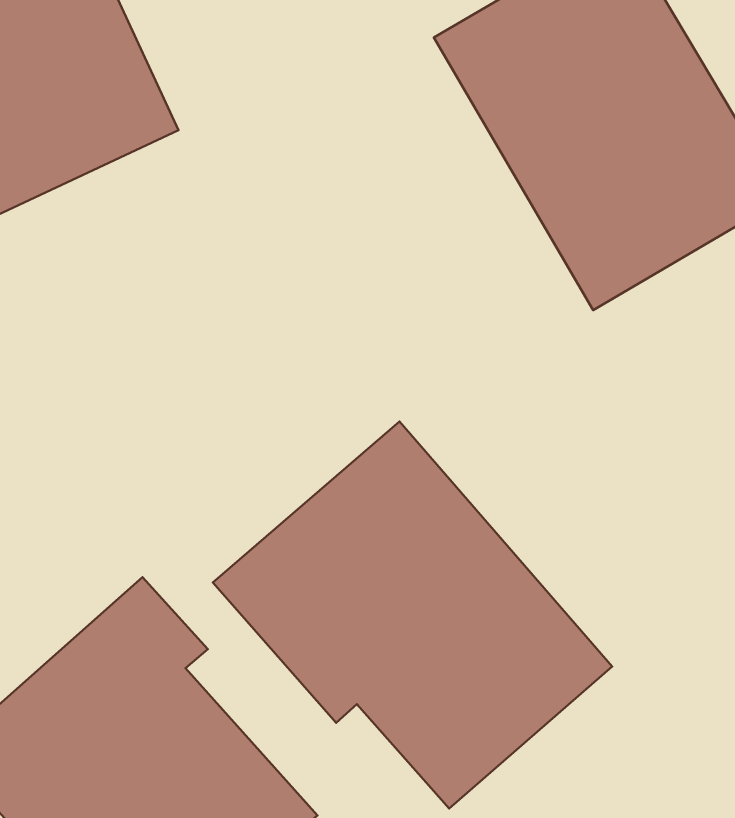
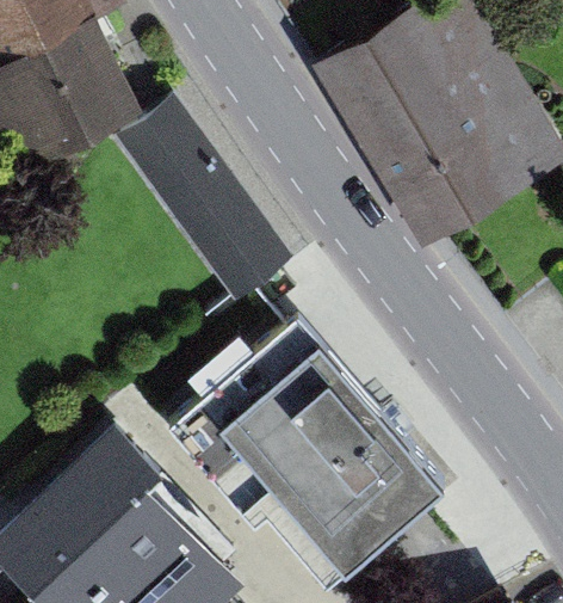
building: none -> [116,94,287,312]

